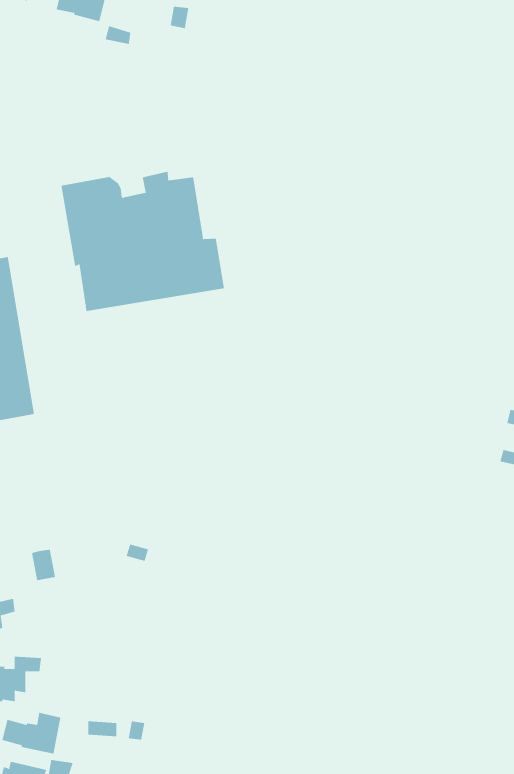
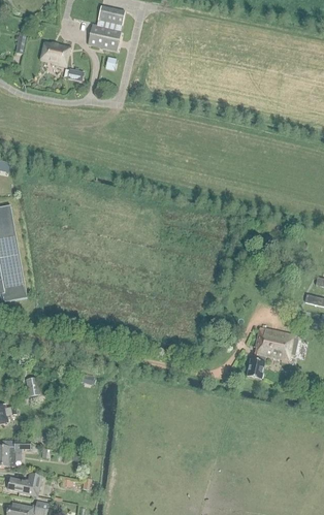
building: [61,171,224,312] -> none
building: none -> [246,328,299,380]

